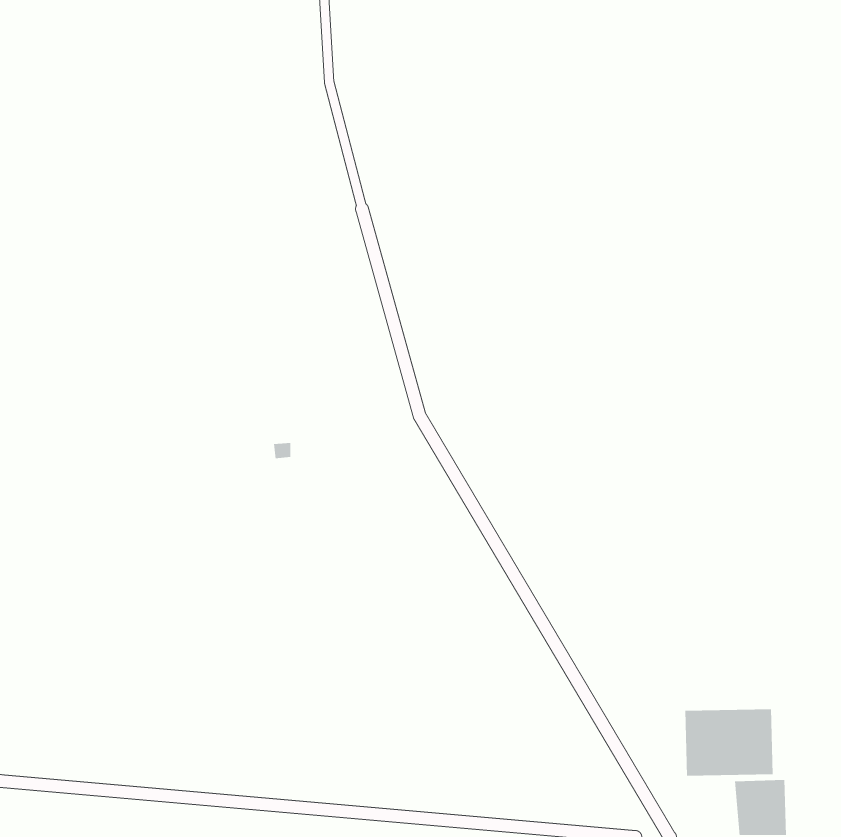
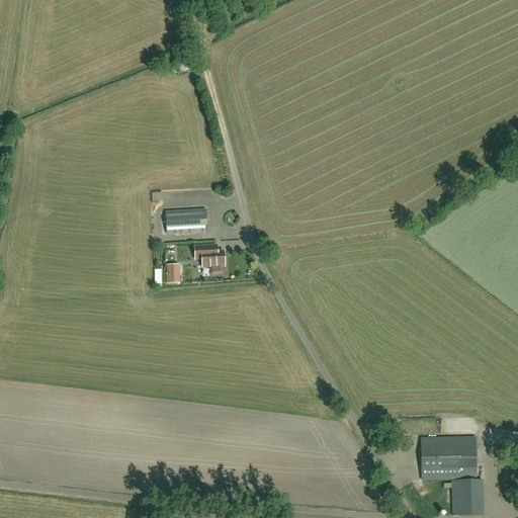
building: none -> [166,208,207,233]
building: none -> [195,244,225,273]

